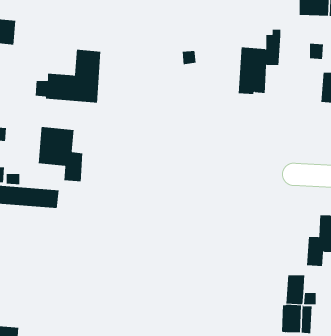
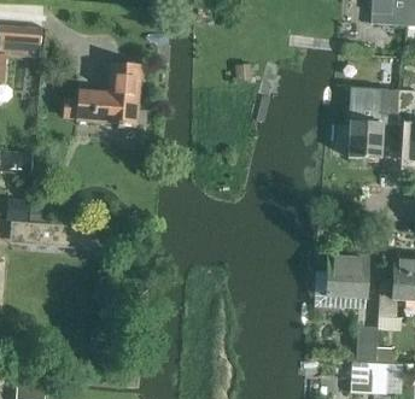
building: [238,29,281,94] -> [347,82,398,158]
building: [38,126,83,182] -> none
building: none -> [314,253,368,297]

